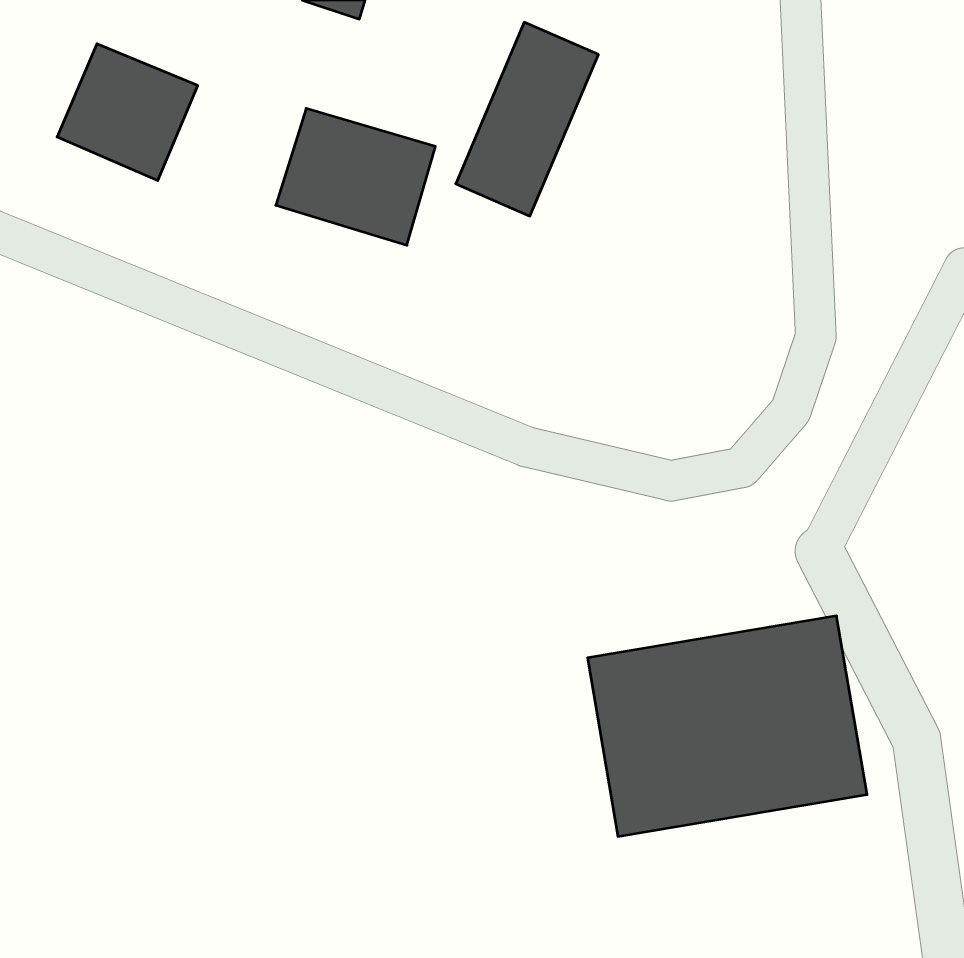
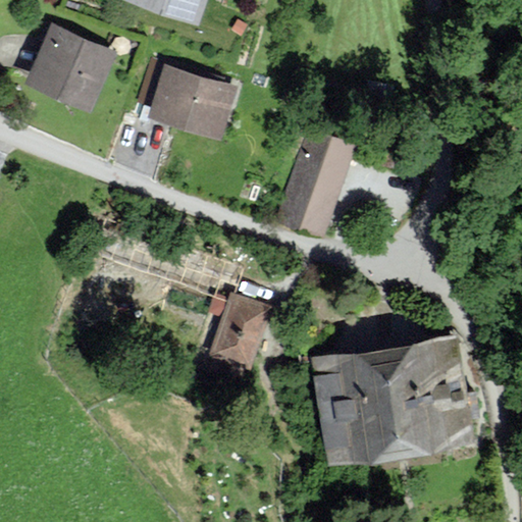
building: [456,22,598,216] -> [276,133,353,237]
building: none -> [209,299,271,377]

